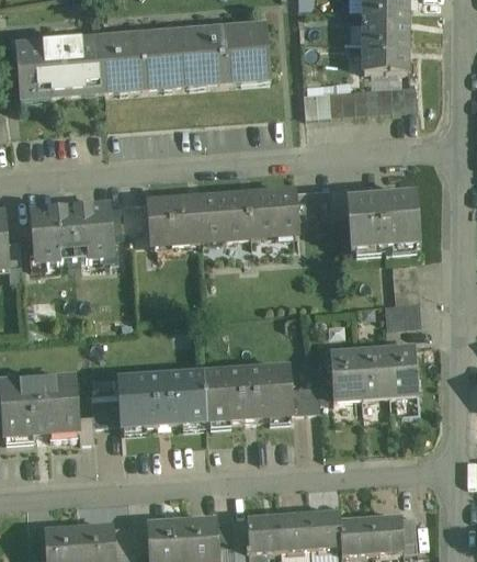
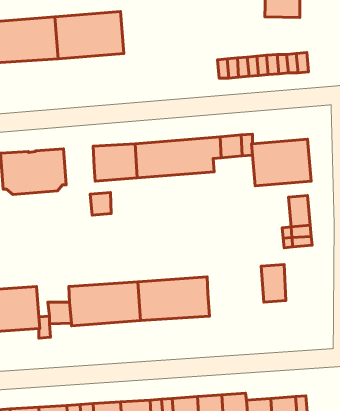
building: [181,26,270,85] -> none
building: [362,38,406,71] -> none
building: [122,201,148,229] -> [90,192,111,215]
building: [386,346,418,394] -> none
building: [330,351,361,398] -> none
building: [291,384,320,412] -> none

